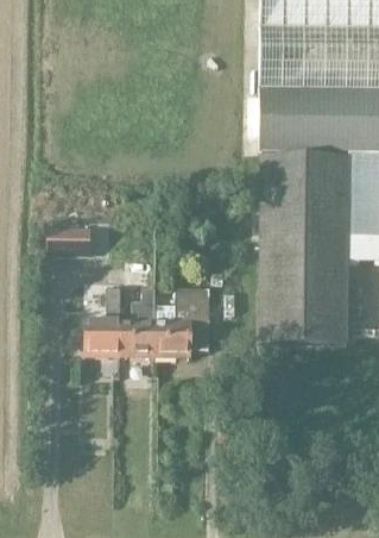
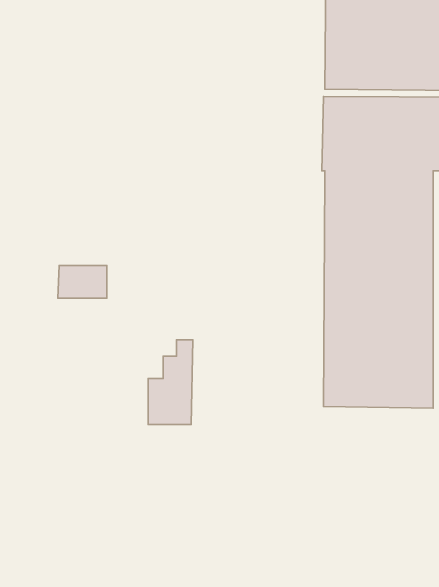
building: [86,288,121,356] -> none
building: [154,288,209,357] -> none

